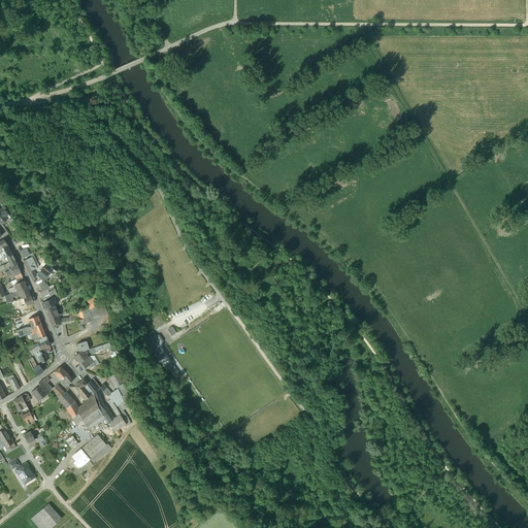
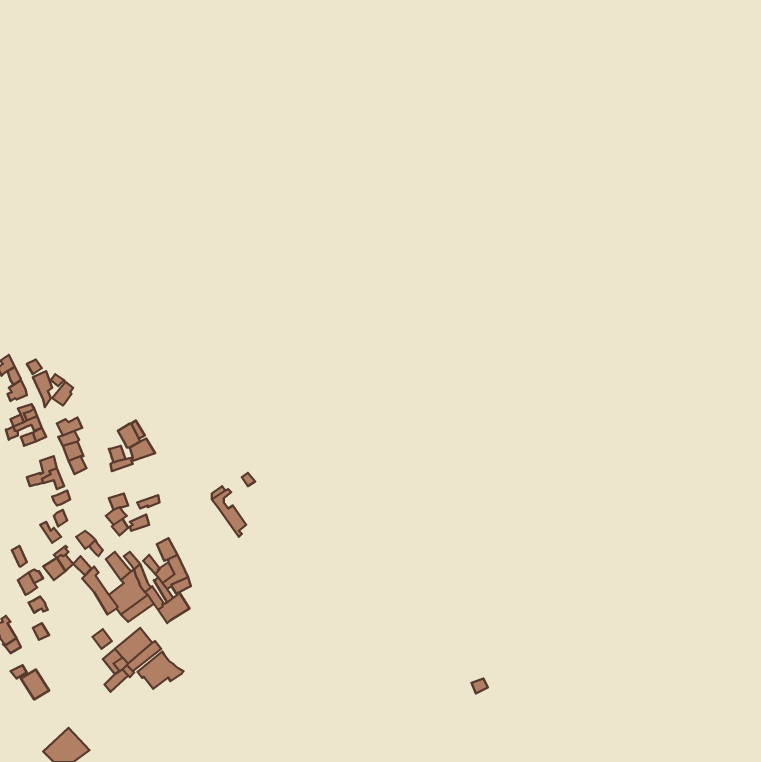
building: none -> [137,652,184,689]

